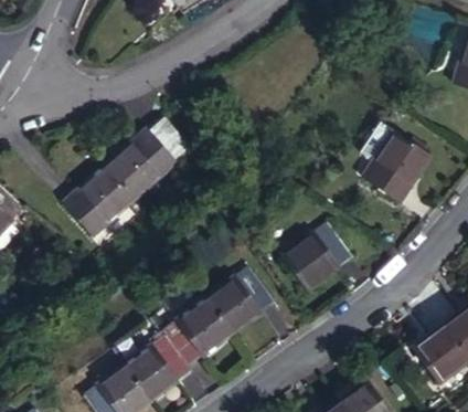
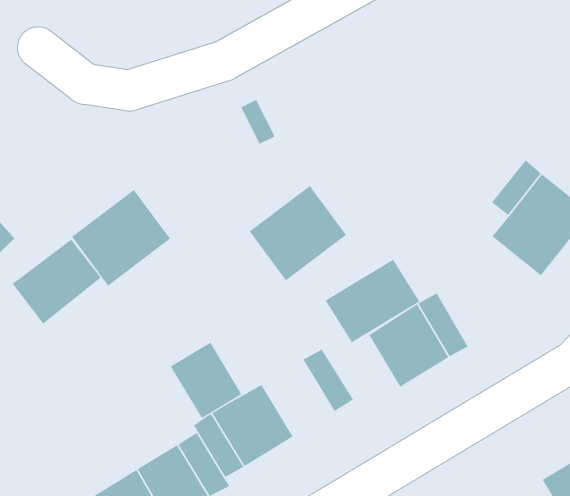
building: [106,129,176,199] -> [249,185,347,281]
building: none -> [325,259,420,343]
building: none -> [12,239,102,324]
building: [208,277,260,332] -> [170,342,242,419]

